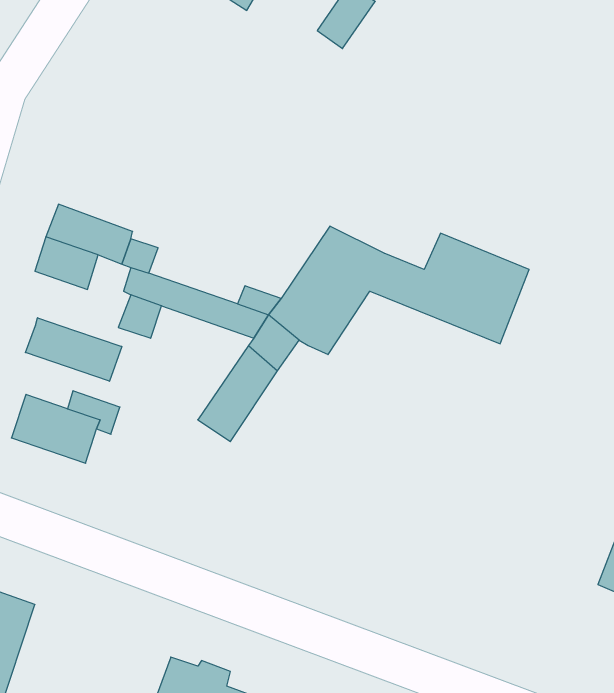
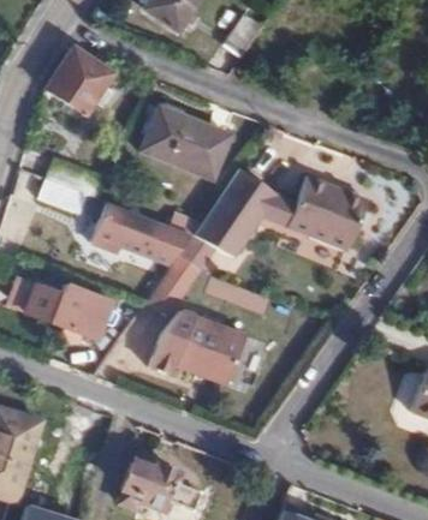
building: none -> [43,48,112,118]
building: none -> [141,107,230,180]
building: [25,318,122,381] -> none
building: none -> [150,311,245,385]

